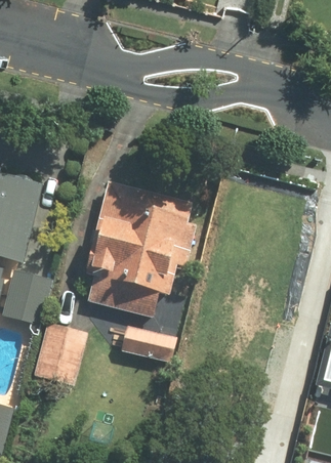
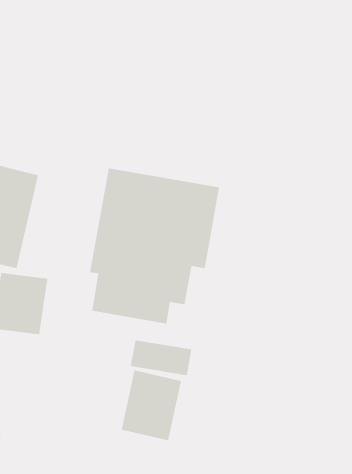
building: [36,326,88,386] -> [121,370,182,441]

